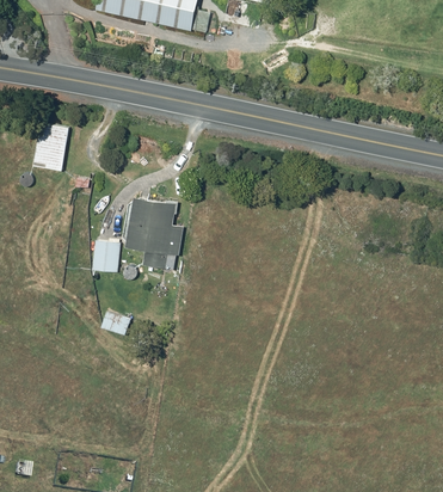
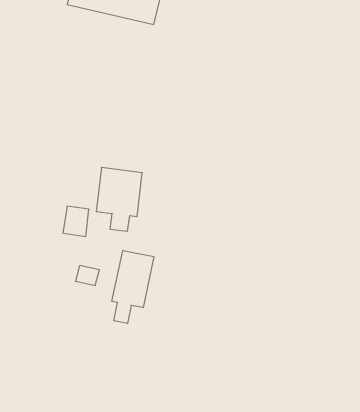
building: [35,122,68,166] -> none
building: none -> [112,250,154,324]

